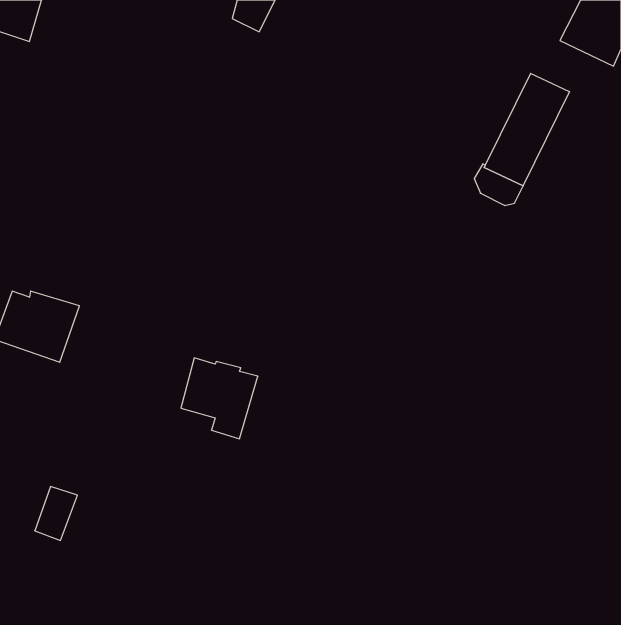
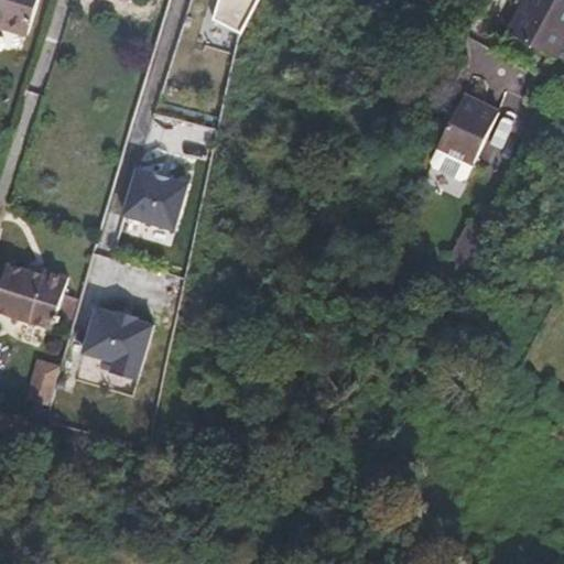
building: none -> [122,167,186,229]
building: [181,358,258,439] -> [83,307,152,380]
building: [35,487,77,540] -> [22,358,61,406]

